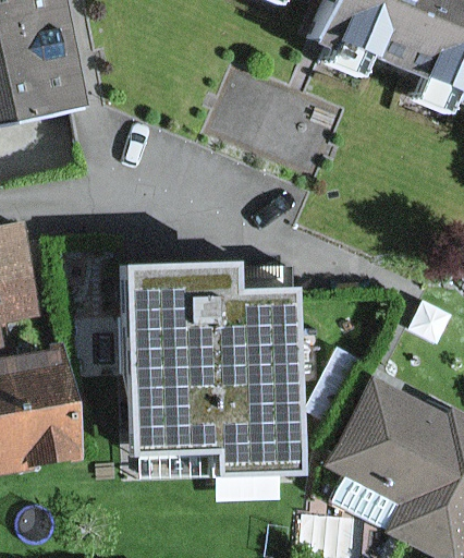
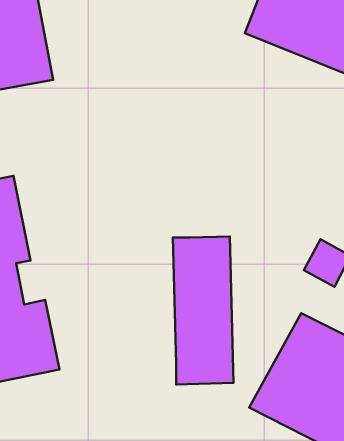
building: [131,262,247,453] -> none

